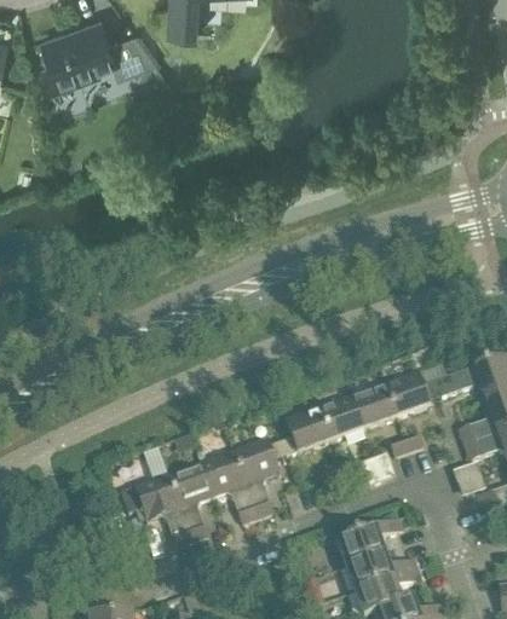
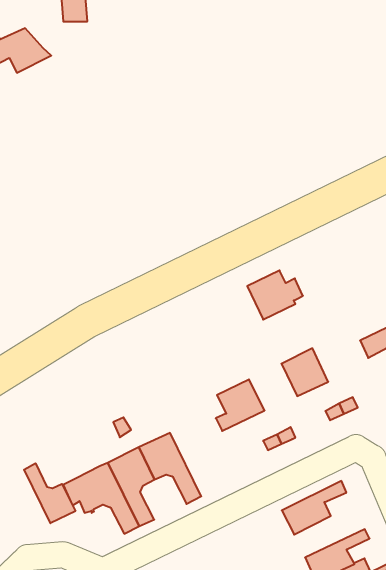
building: [385,370,439,417] -> [247,270,303,320]
building: [318,394,364,439] -> none
building: [234,439,286,517] -> none
building: none -> [24,463,75,523]
building: [346,551,417,590] -> none

